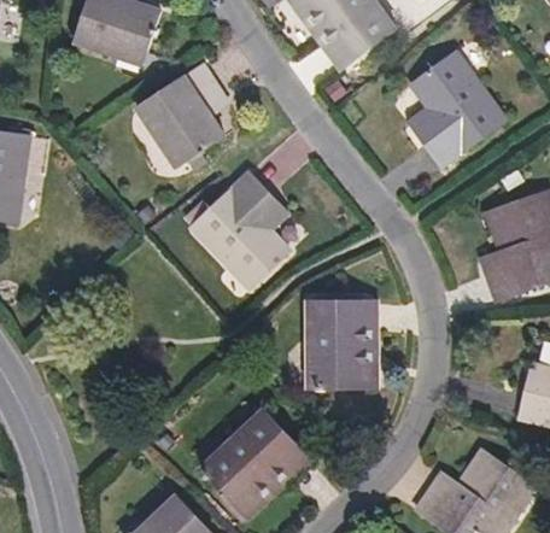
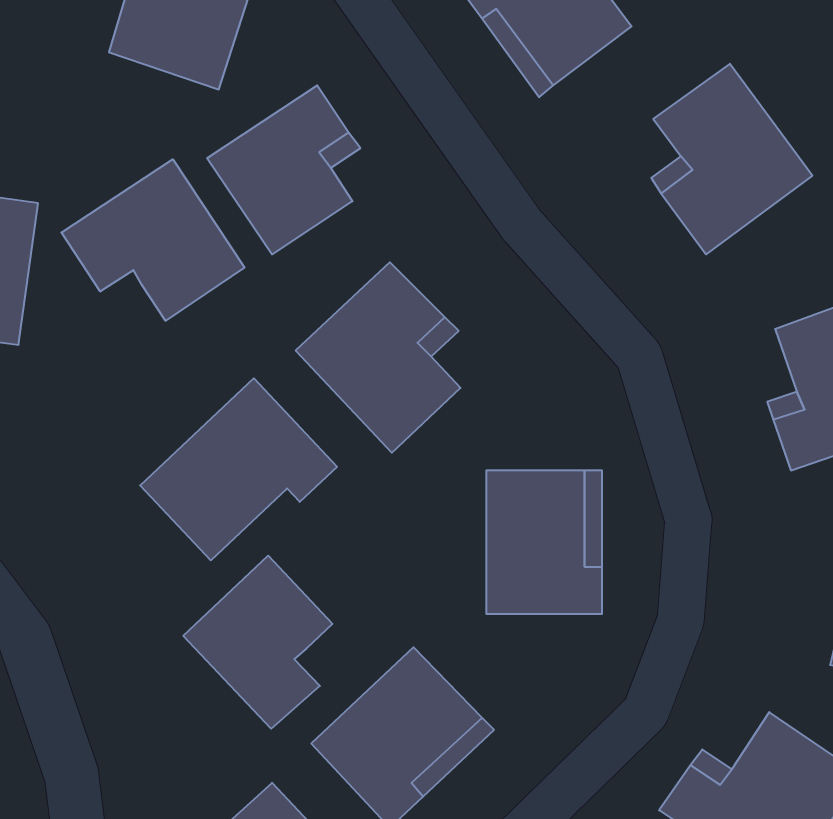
building: none -> [61,159,244,321]
building: none -> [140,378,337,560]
building: none -> [183,556,332,729]

